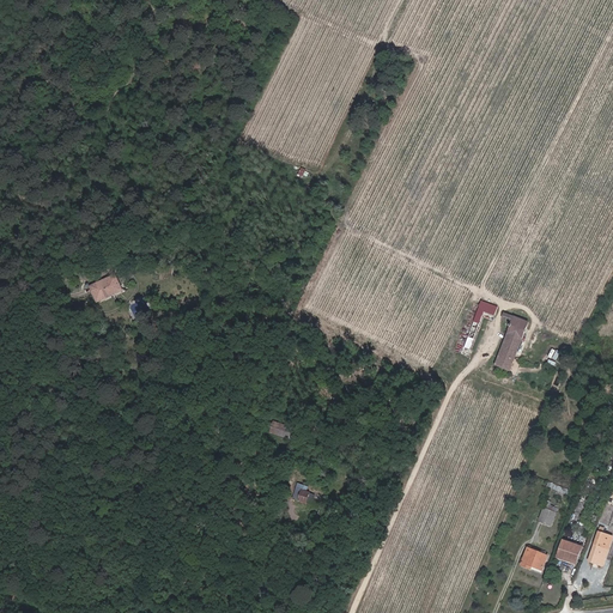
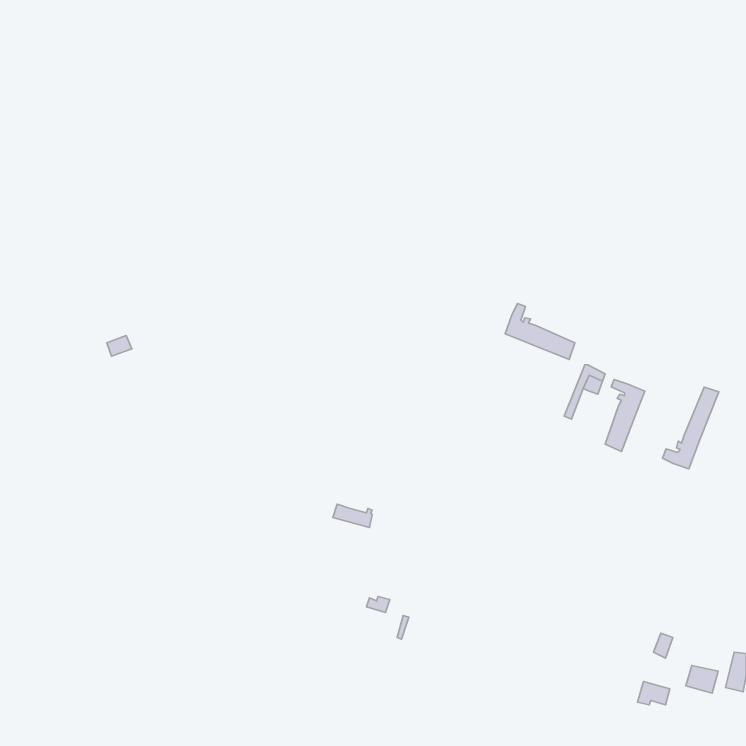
building: none -> [505,303,575,359]
building: none -> [662,387,719,469]

